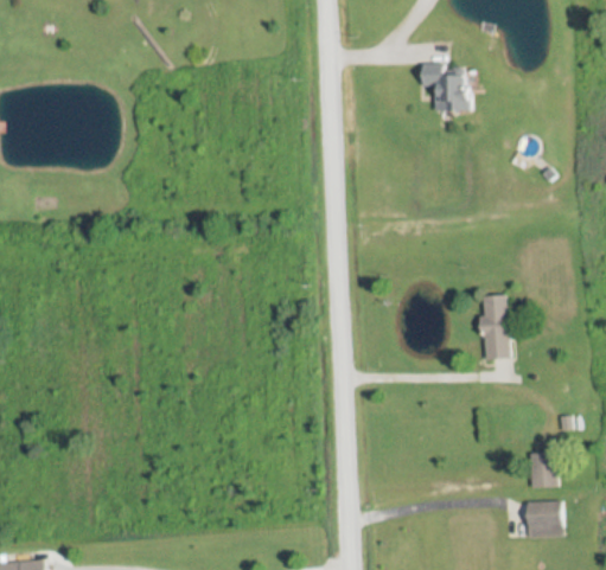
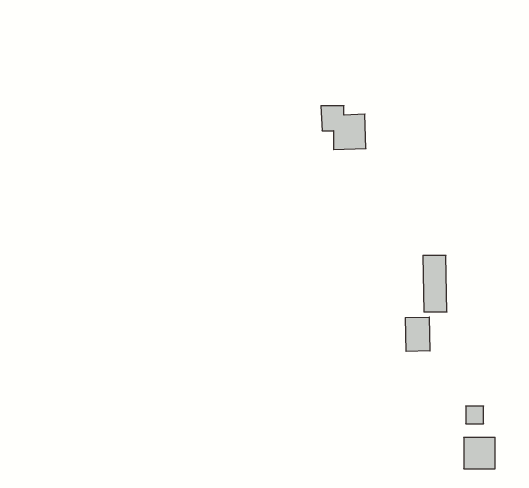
building: [421,64,472,114] -> [321,106,366,150]
building: none -> [405,317,430,351]

